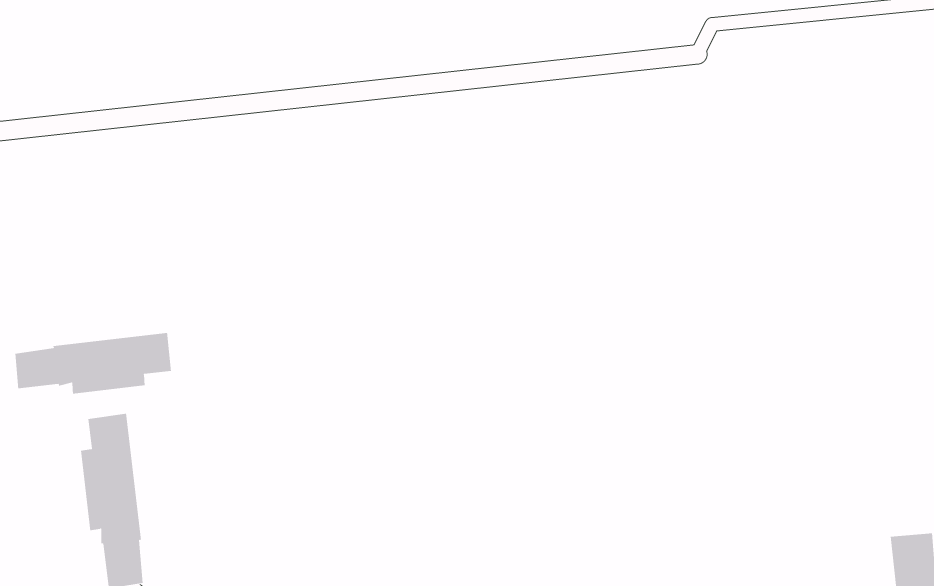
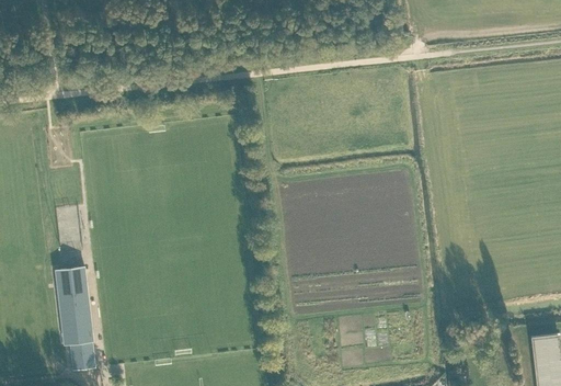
building: [15,332,171,394] -> none

